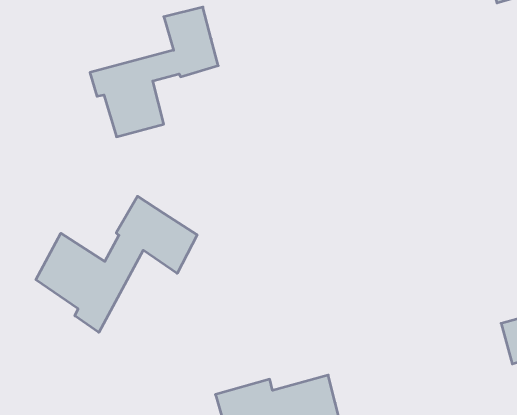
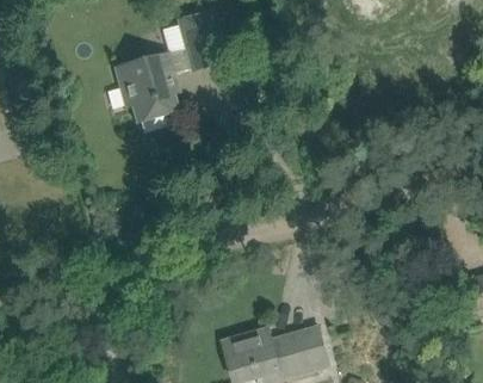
building: [36,196,197,332] -> none

